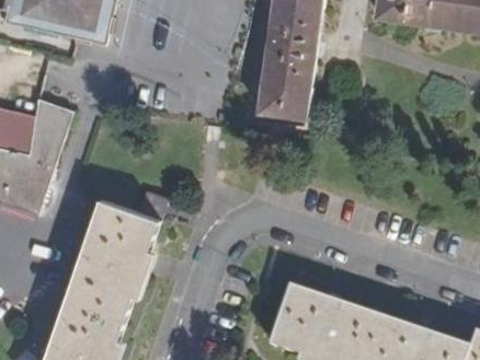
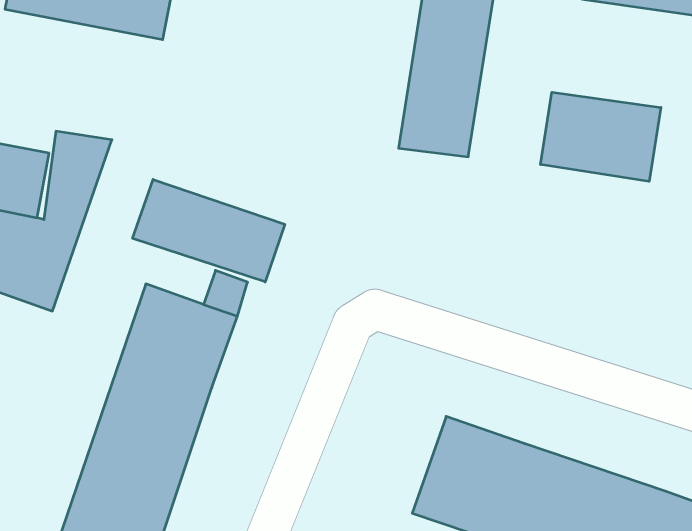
building: none -> [541,92,661,181]
building: none -> [133,179,285,282]

